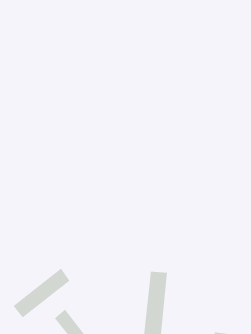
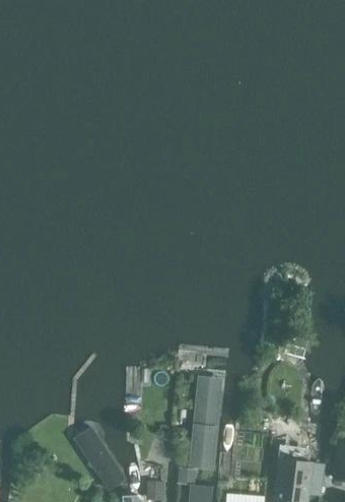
building: [13,267,71,319] -> none

